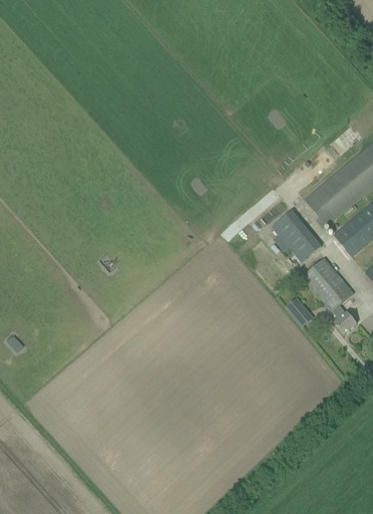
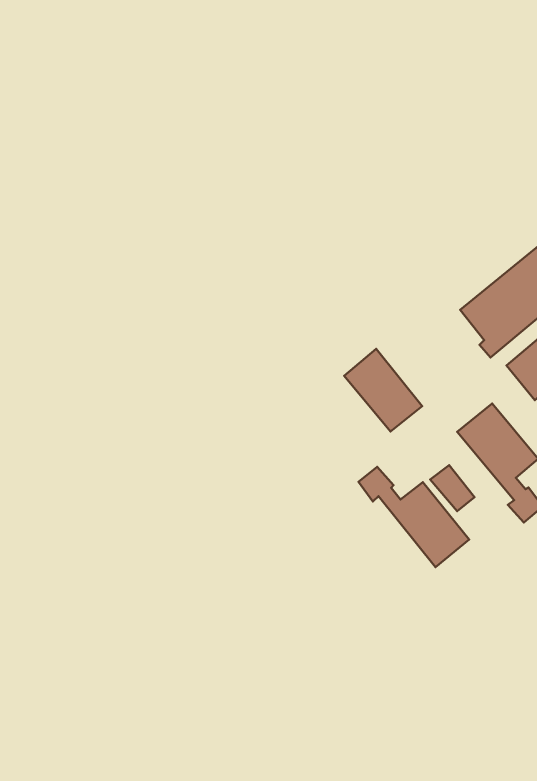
building: [272,210,321,262] -> [344,349,422,431]
building: none -> [359,467,469,567]

